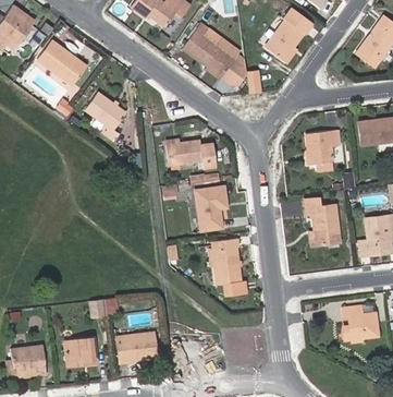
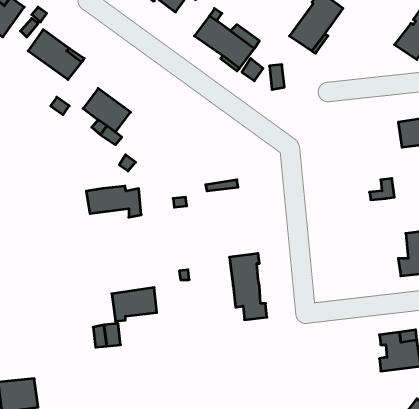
building: [306,130,340,171] -> none
building: [165,141,213,168] -> [86,186,141,217]
building: [196,187,228,230] -> none
building: [305,197,340,244] -> none
building: [116,333,156,362] -> [112,288,157,321]
building: [65,338,97,364] -> none

